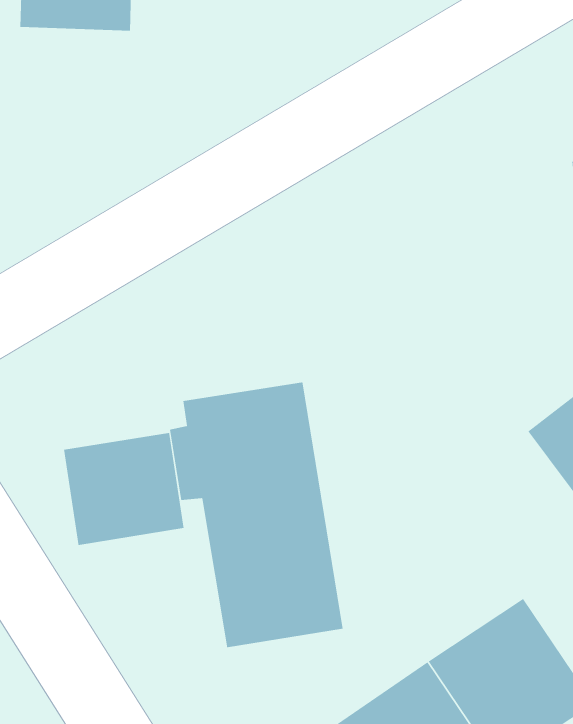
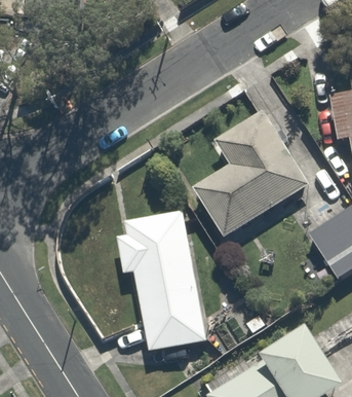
building: none -> [188,111,310,242]
building: [63,432,184,546] -> none

